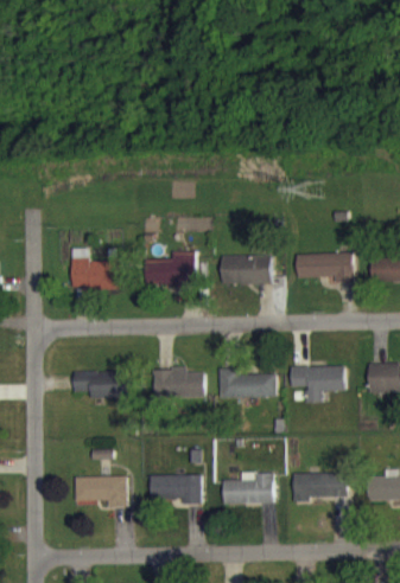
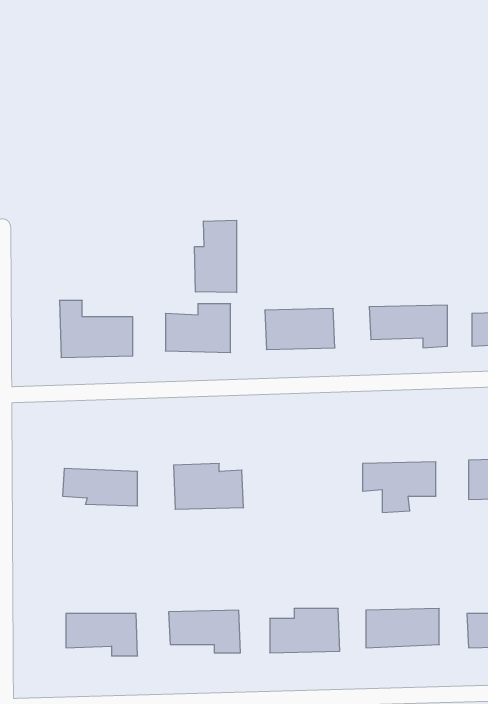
building: none -> [195,220,237,293]
building: [218,369,277,398] -> none

